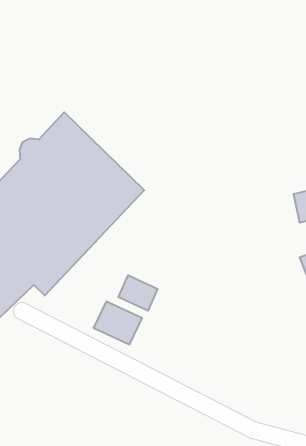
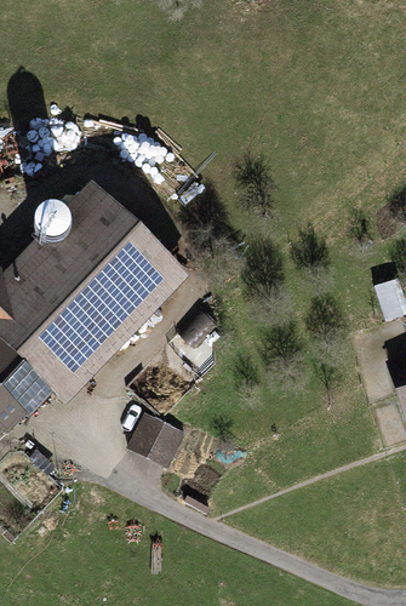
building: [118,275,158,311] -> none

